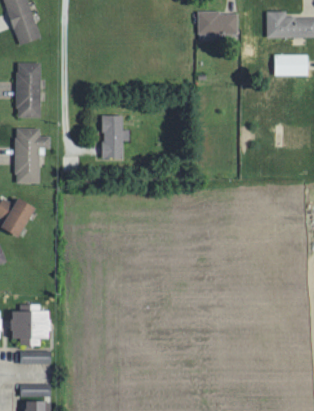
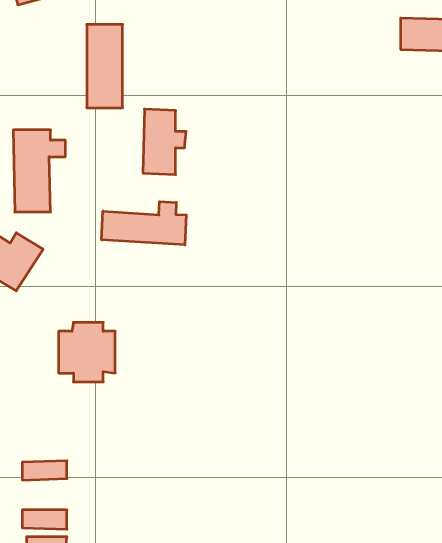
building: [16,61,40,117] -> [87,24,123,108]
building: none -> [102,202,186,245]
building: [10,304,48,344] -> [59,322,115,382]

